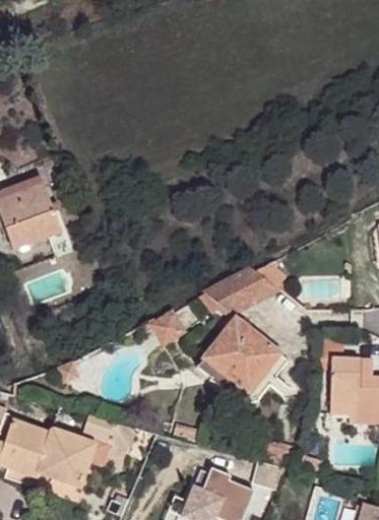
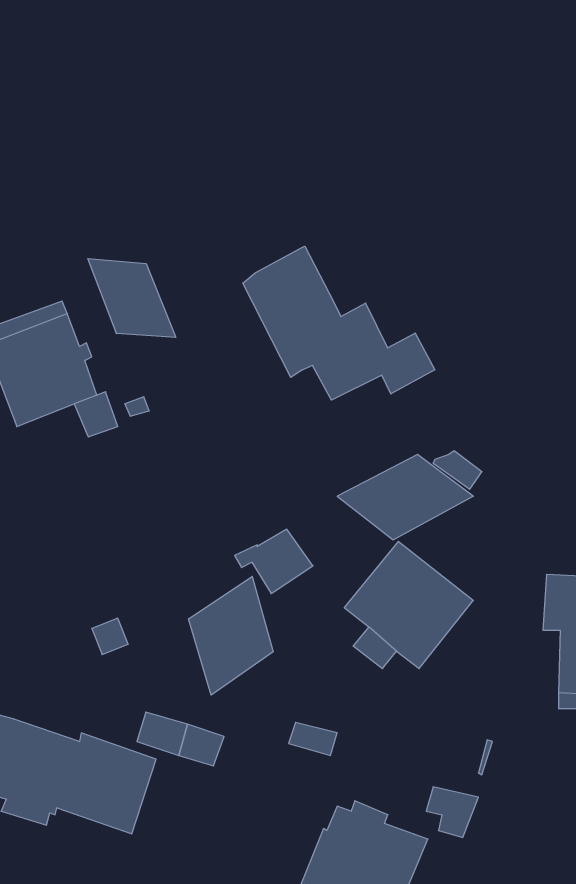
building: none -> [243,246,435,400]
building: none -> [88,259,176,337]
building: none -> [189,576,273,695]

